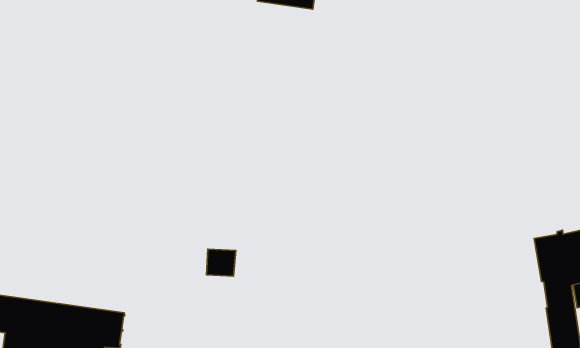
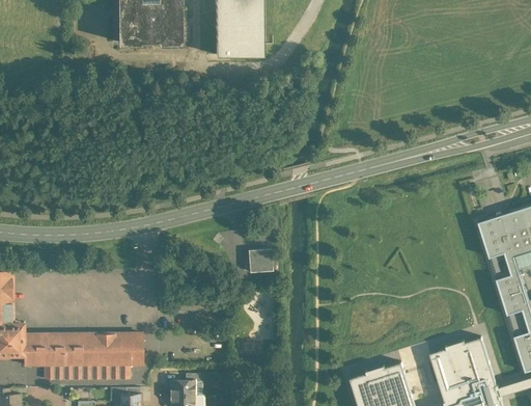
building: [207,249,236,276] -> [248,250,273,274]

